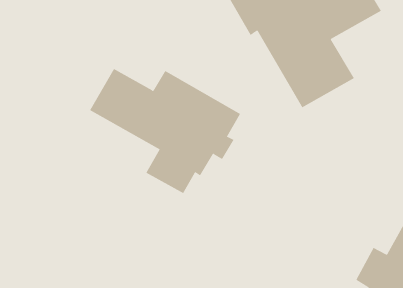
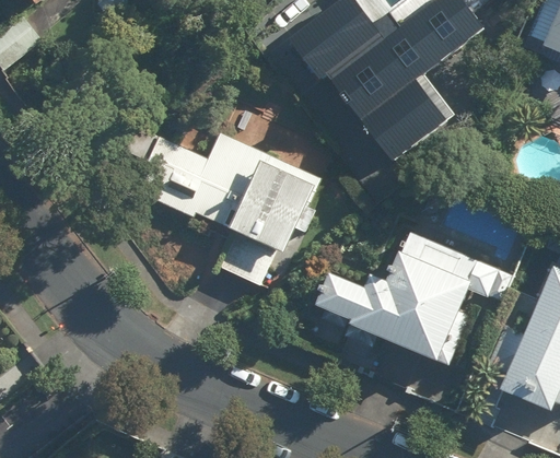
building: none -> [314,225,514,366]

